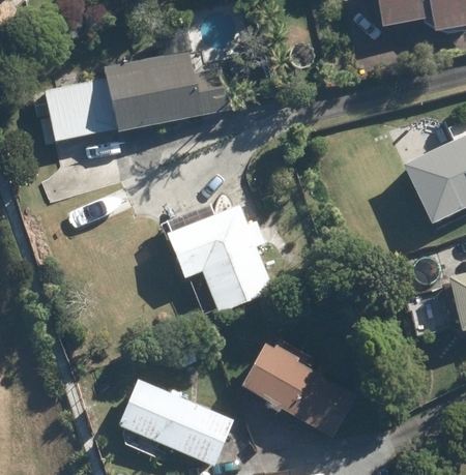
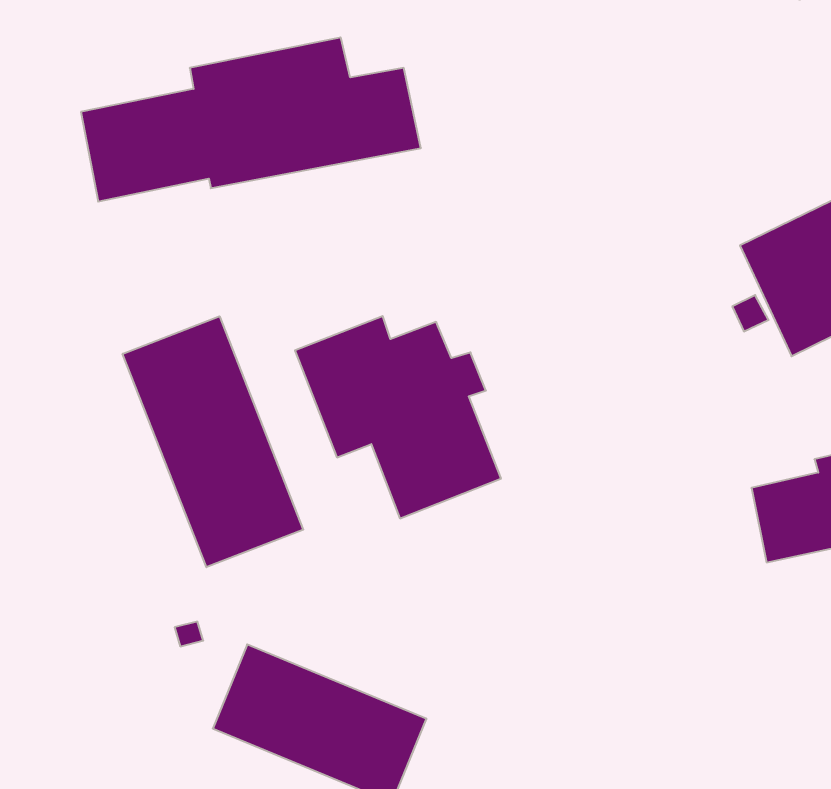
building: none -> [123,316,303,567]
building: [240,344,356,437] -> none

